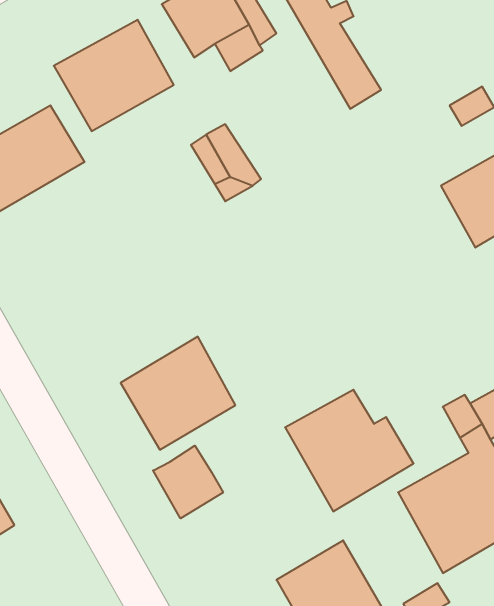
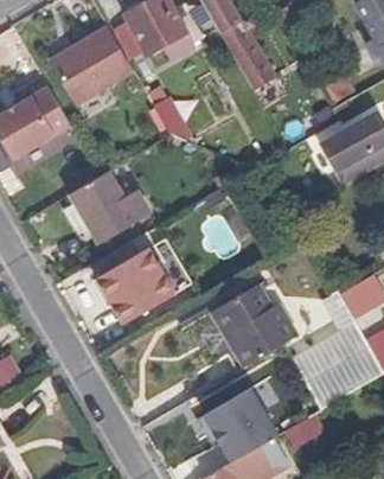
building: none -> [71,172,149,243]
building: [153,446,223,518] -> none

